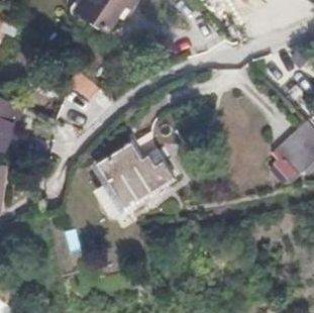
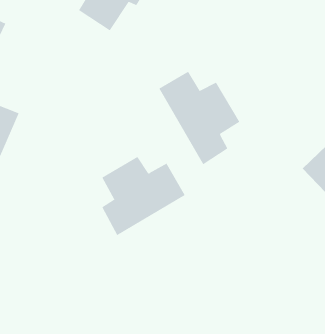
building: none -> [159,71,240,165]

